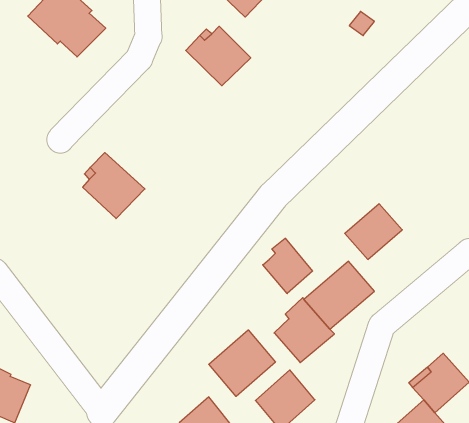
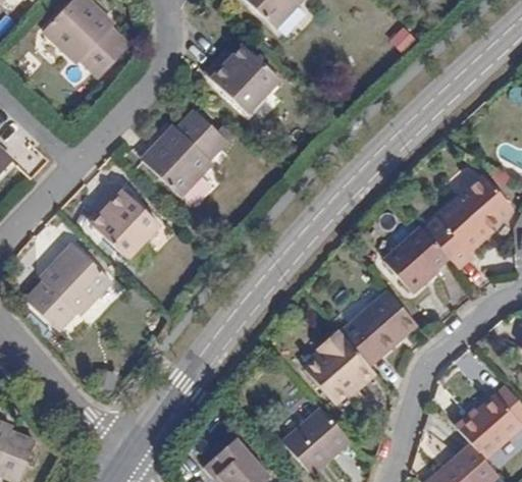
building: none -> [150,100,232,184]
building: none -> [421,179,510,271]
building: none -> [30,234,117,324]
building: [263,238,313,294] -> none
building: [209,330,275,396] -> none

